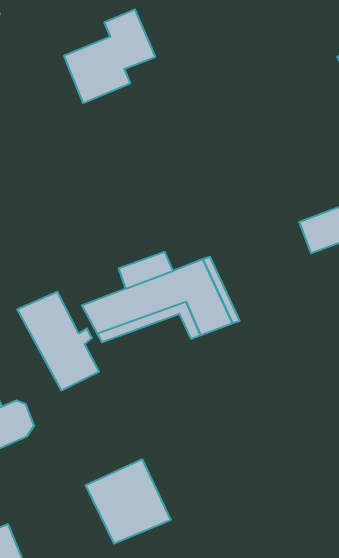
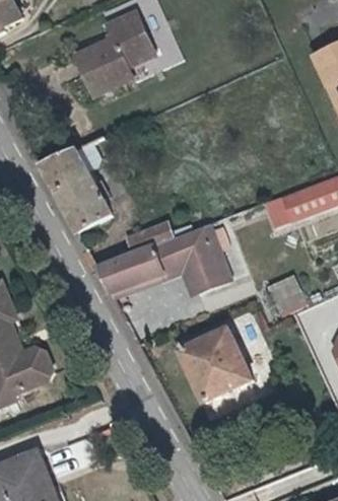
building: [17,292,99,390] -> [40,147,110,231]
building: none -> [267,272,308,312]
building: [85,459,171,544] -> [180,329,253,401]

